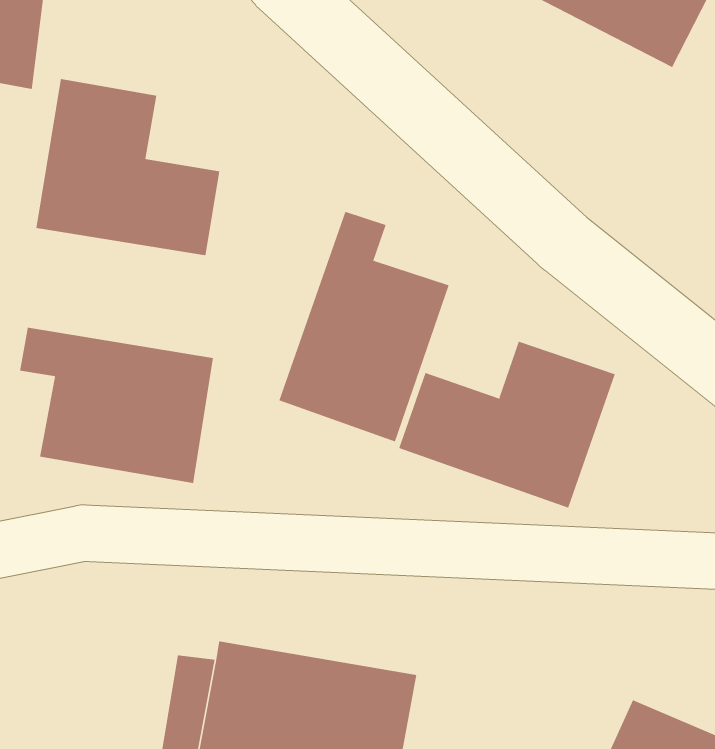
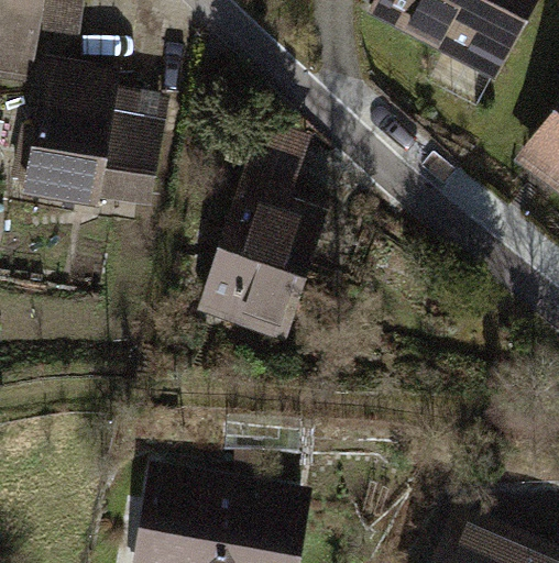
building: [20,327,214,484] -> none
building: [399,341,616,508] -> none

